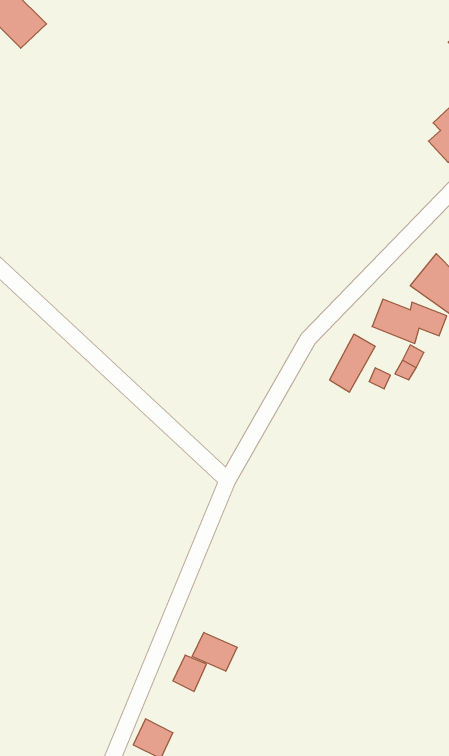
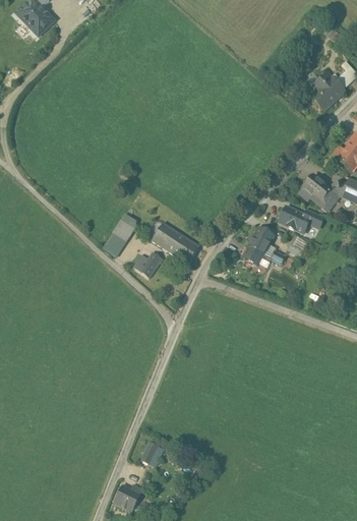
building: none -> [104,220,135,256]
building: none -> [154,224,198,264]
building: none -> [134,251,163,277]
building: [192,632,237,671] -> none

